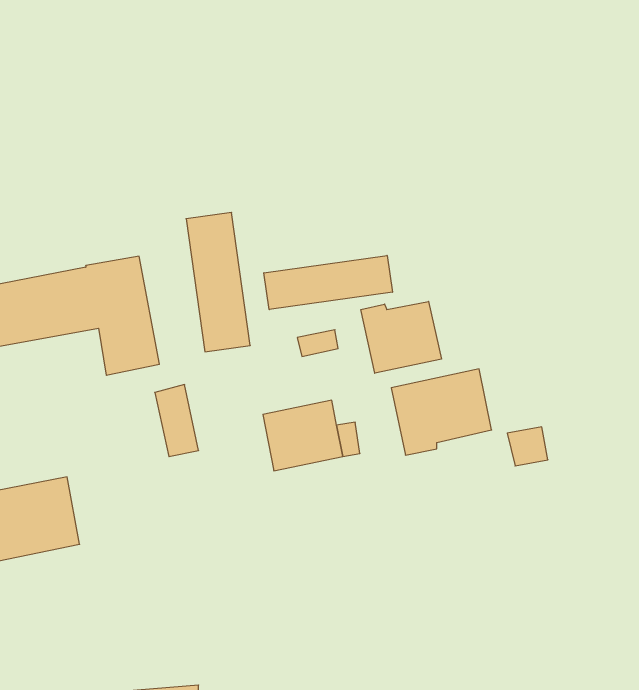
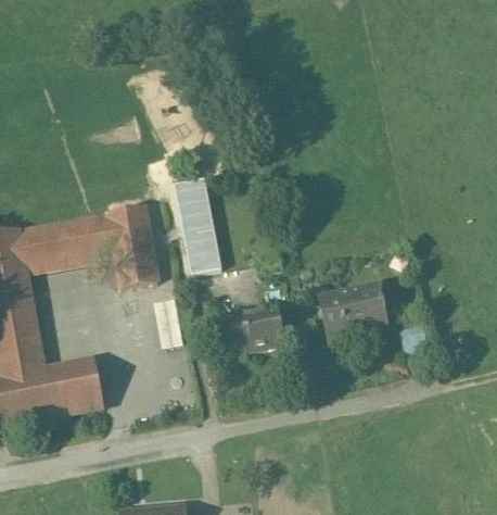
building: [264,255,392,310] -> none
building: [361,301,441,373] -> none

